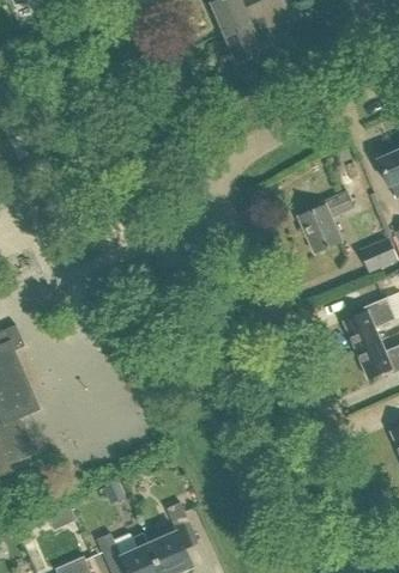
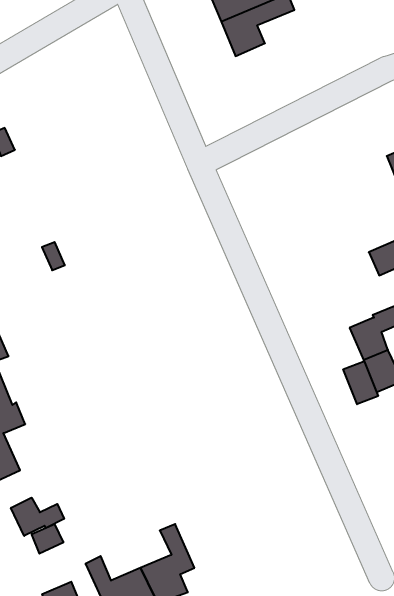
building: [297,191,352,252] -> none
building: none -> [343,361,378,404]
building: none -> [11,498,64,536]

